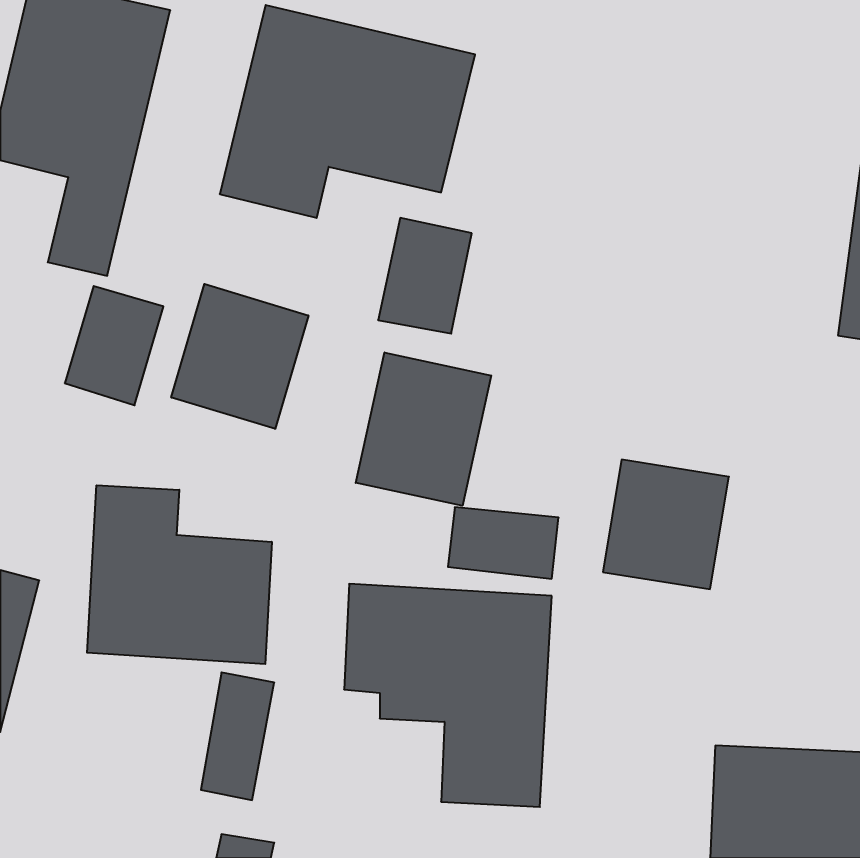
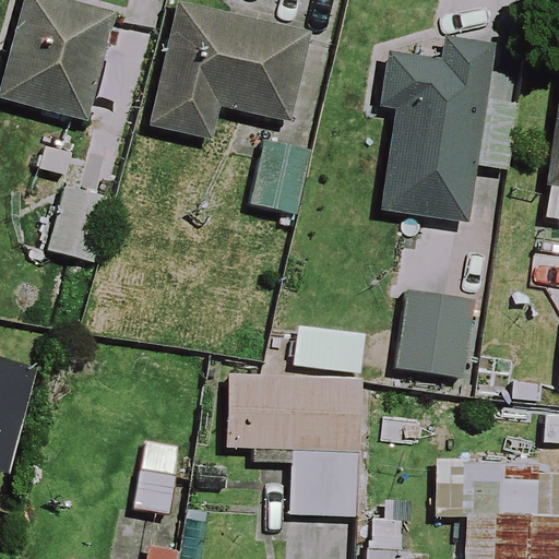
building: none -> [369,22,514,222]
building: [171,284,308,429] -> none
building: [356,352,491,506] -> none
building: [87,485,272,664] -> none

